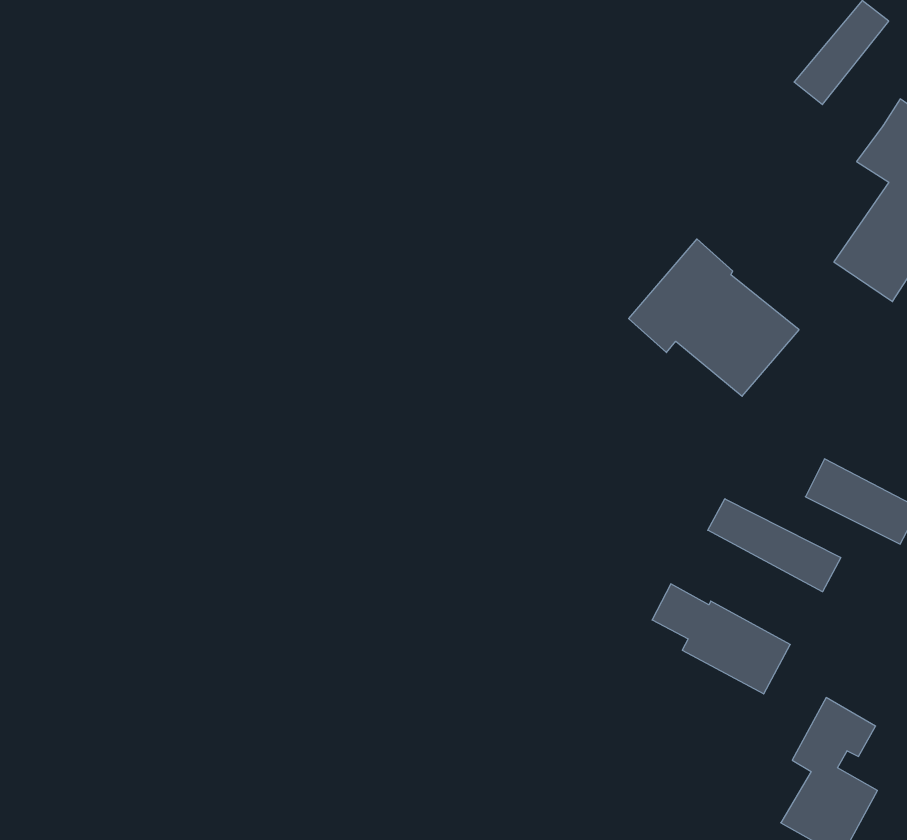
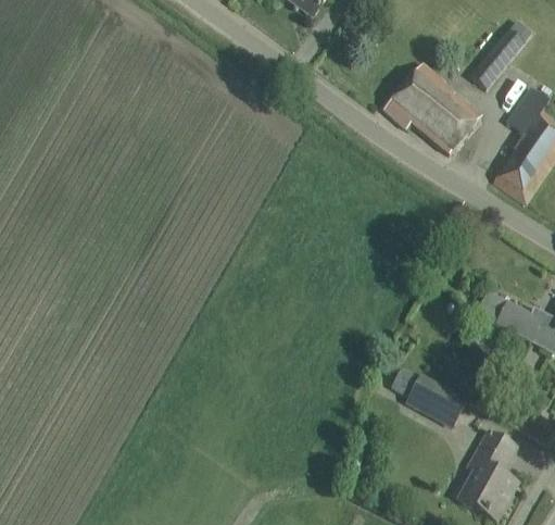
building: [629,239,799,396] -> [384,63,482,153]
building: [708,499,841,592] -> none

